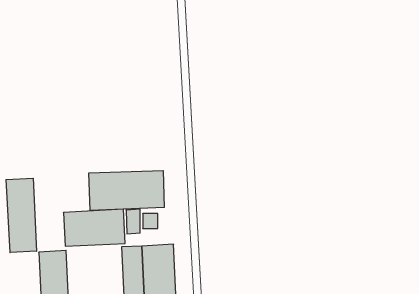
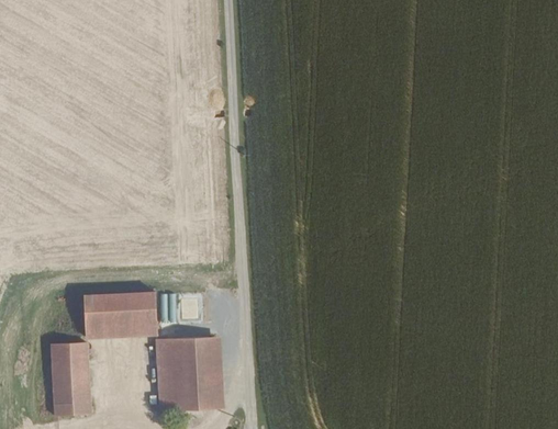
building: [89,171,164,211] -> none
building: [6,178,36,253] -> none

